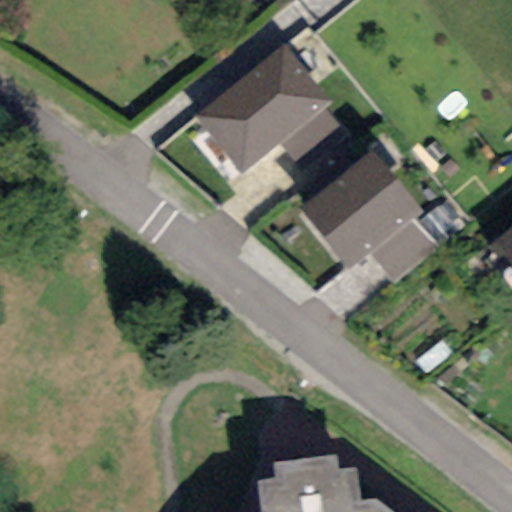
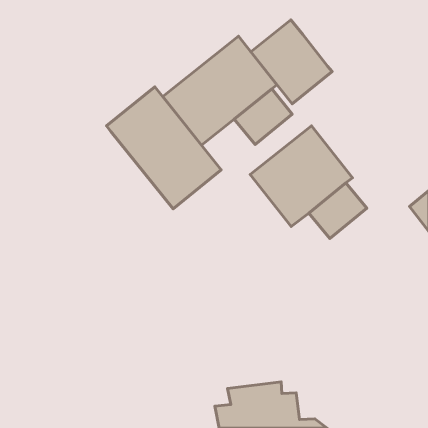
building: none -> [251,20,332,104]
building: none -> [107,87,221,209]

